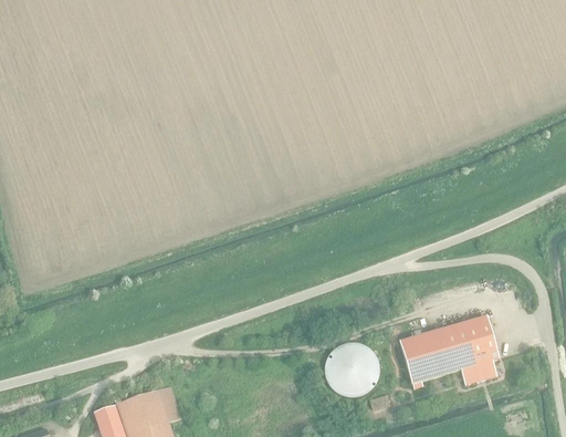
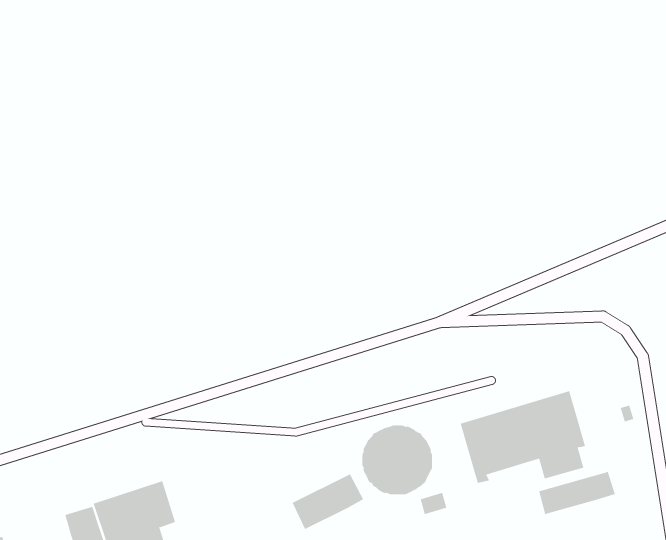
building: none -> [539,471,615,515]
building: none -> [292,473,364,530]

